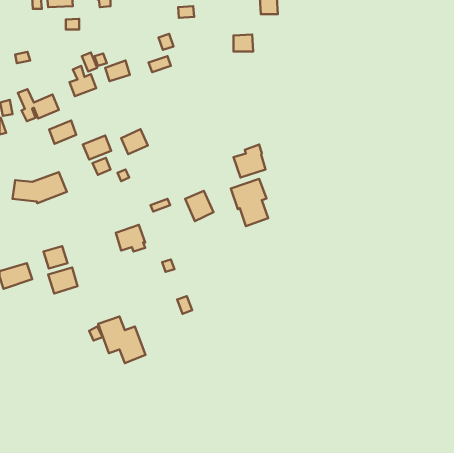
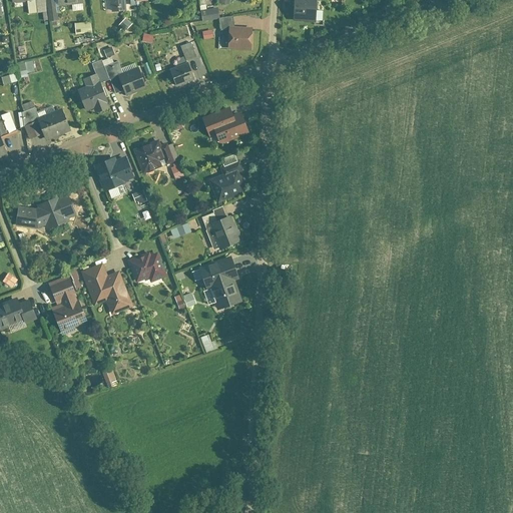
building: [234,35,253,51] -> [228,29,250,48]
building: none -> [202,107,248,143]
building: [49,121,76,144] -> none
building: [233,145,265,178] -> [208,162,244,199]
building: [231,179,268,226] -> [200,256,242,310]
building: [98,317,145,363] -> [79,263,132,315]

